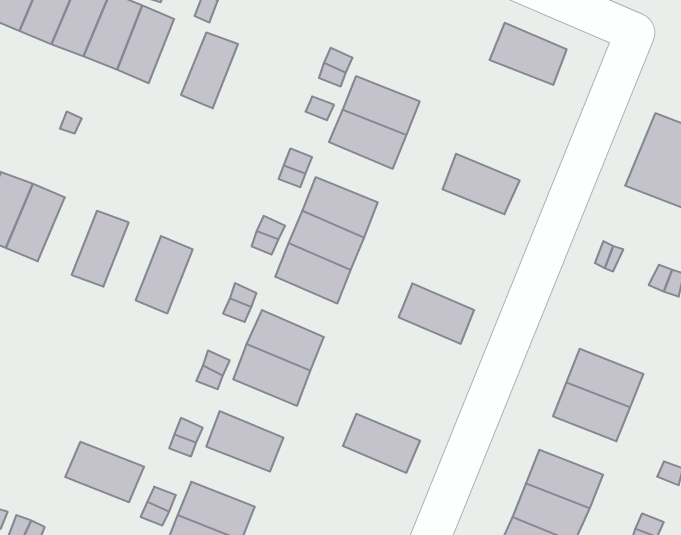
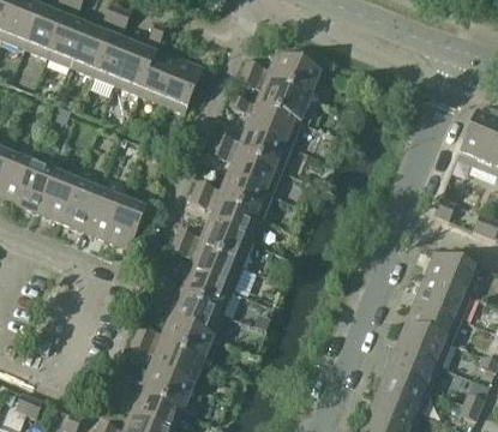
building: none -> [116,40,157,94]
building: [489,23,567,85] -> [264,54,319,98]
building: none -> [162,58,203,113]
building: [442,154,520,214] -> [235,127,290,170]
building: none -> [37,167,79,222]
building: none -> [84,185,125,240]
building: [399,283,474,344] -> [197,223,251,266]
building: none -> [424,251,479,293]
building: [343,414,420,473] -> [167,296,222,338]
building: none -> [395,323,450,365]
building: [65,442,144,502] -> [146,344,203,388]

